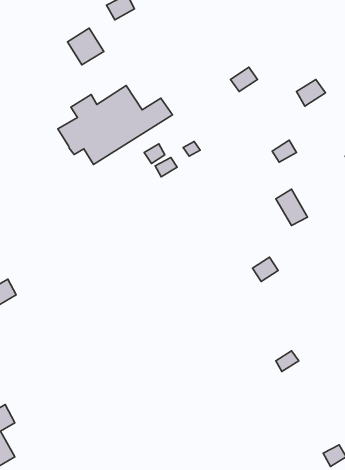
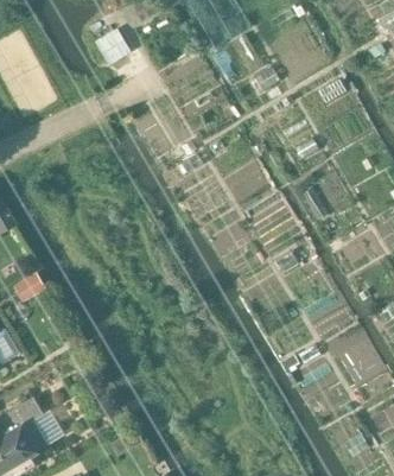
building: [58,86,172,165] -> none

